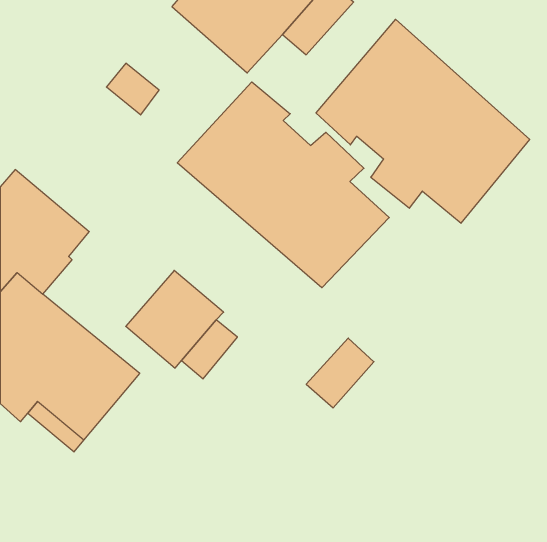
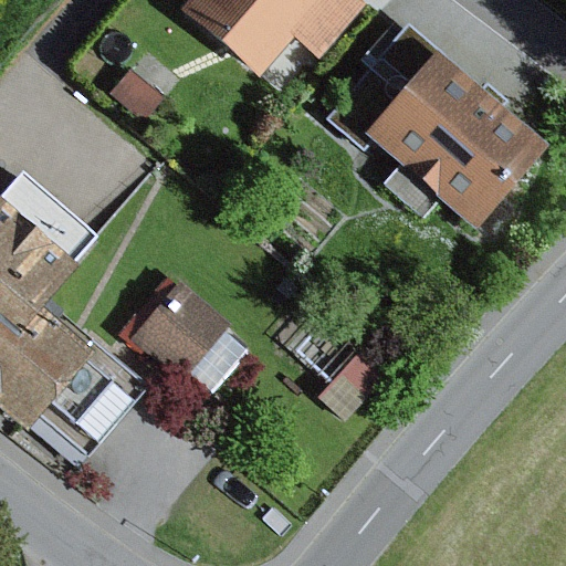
building: [177,82,389,288] -> none

